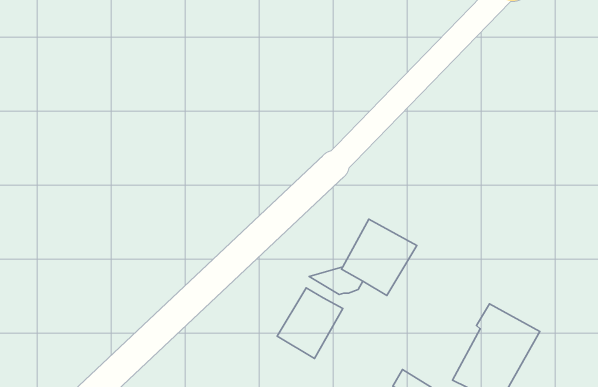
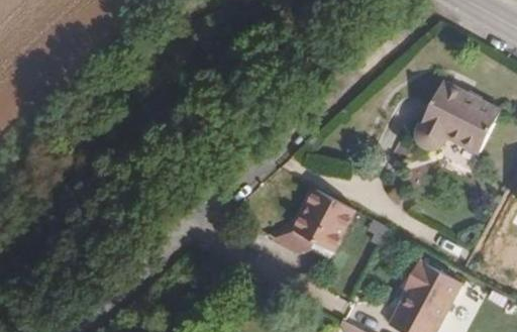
building: none -> [414,83,498,153]
building: [277,288,343,358] -> none

